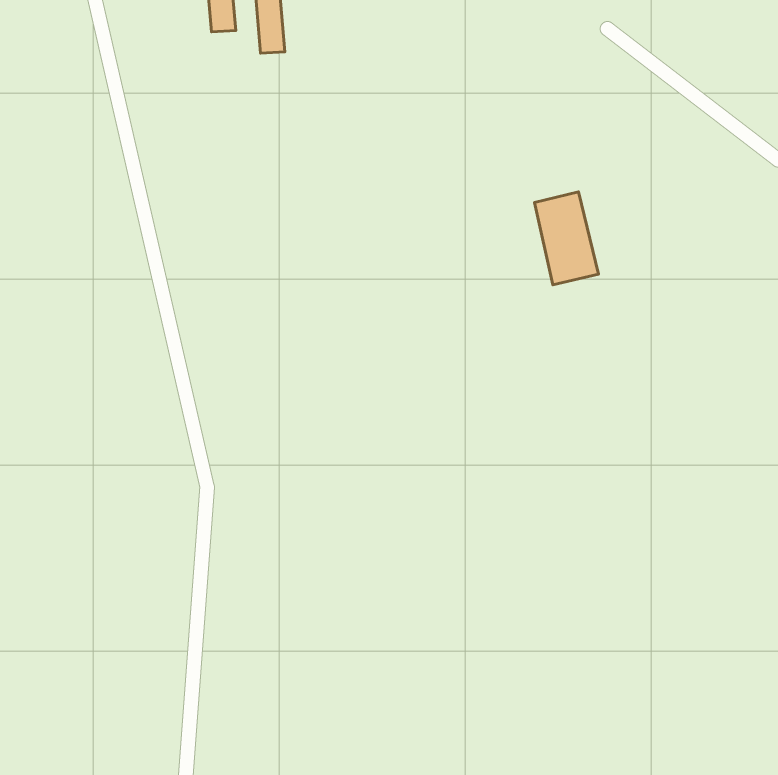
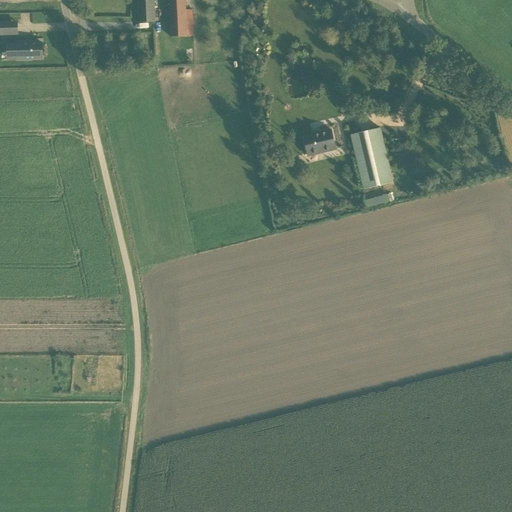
building: none -> [8,38,43,57]
building: none -> [303,128,336,154]

